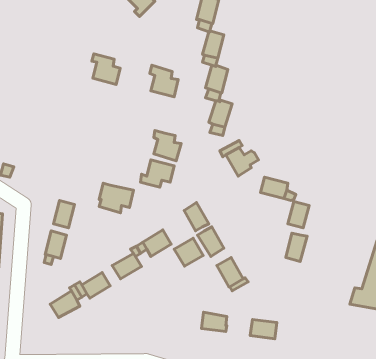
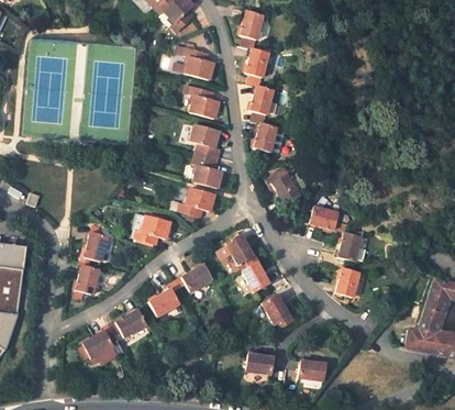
building: [92,54,120,84] -> [184,47,214,80]
building: none -> [190,124,220,157]
building: [174,238,203,266] -> none

